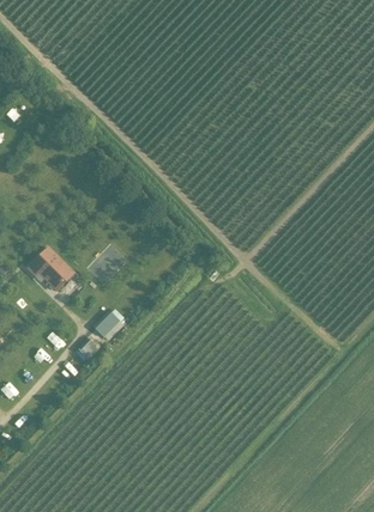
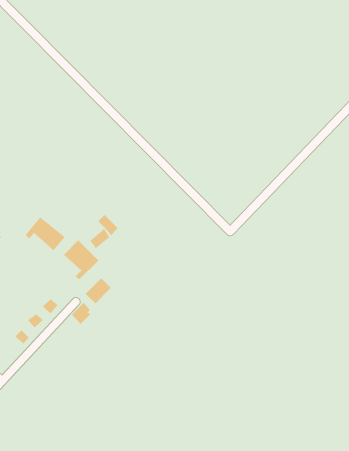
building: none -> [63,240,99,280]

